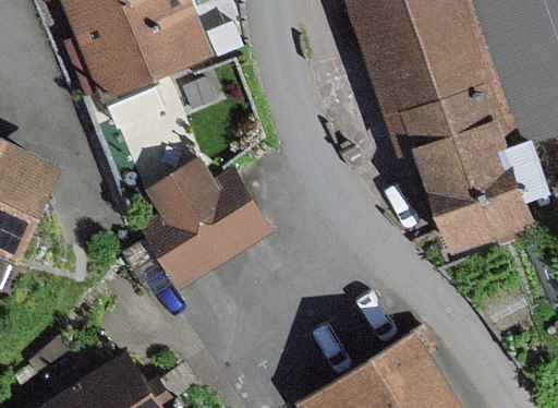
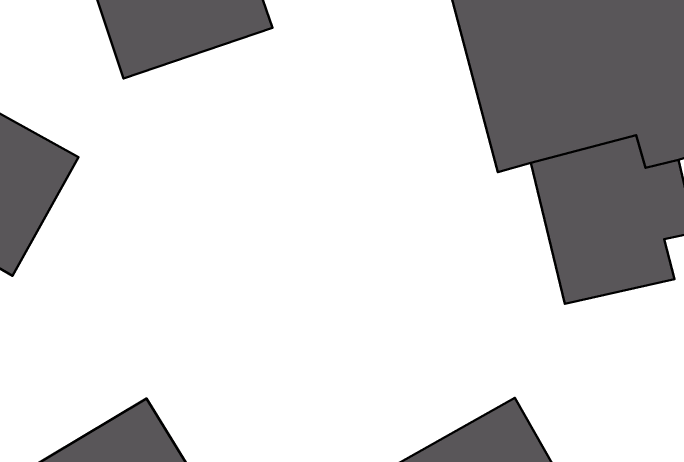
building: [138,159,272,291] -> none

